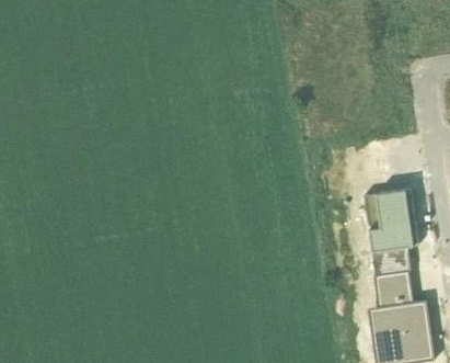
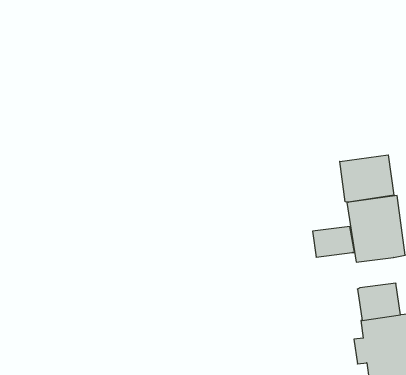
building: none -> [340,155,394,202]
building: [371,247,411,275] -> [313,227,355,257]

